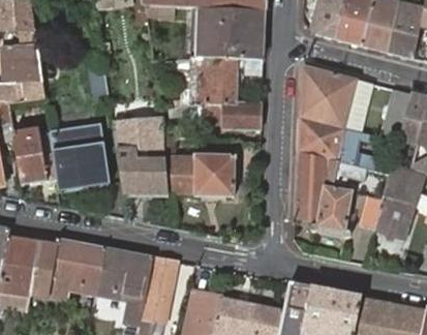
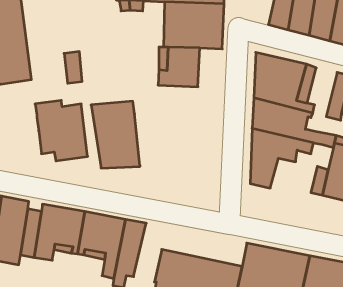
building: [171,101,261,129] -> none
building: [13,127,56,184] -> none
building: [162,134,237,197] -> none
building: [316,185,355,231] -> none

